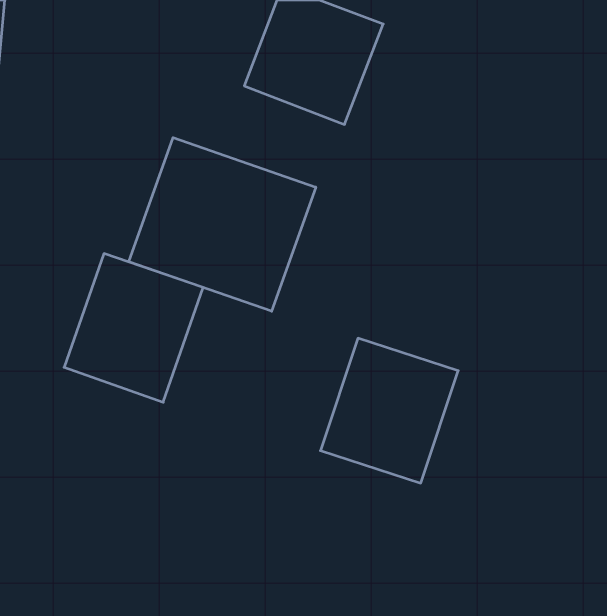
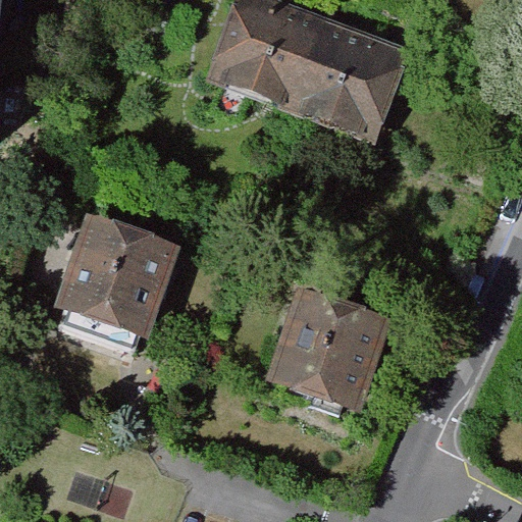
building: none -> [291,21,410,140]
building: [129,138,316,311] -> none

